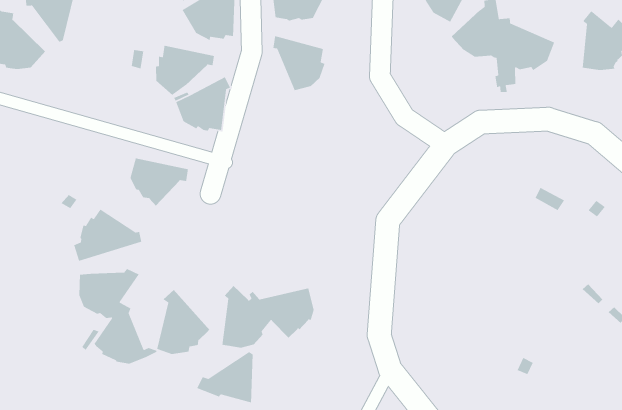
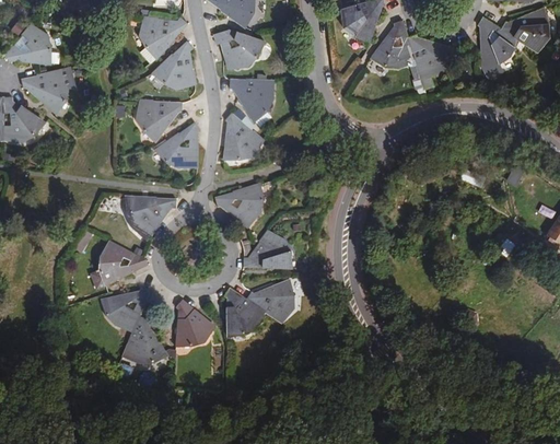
building: none -> [222,113,262,163]
building: none -> [212,183,265,227]
building: none -> [240,227,287,270]
building: [196,351,253,403] -> none

